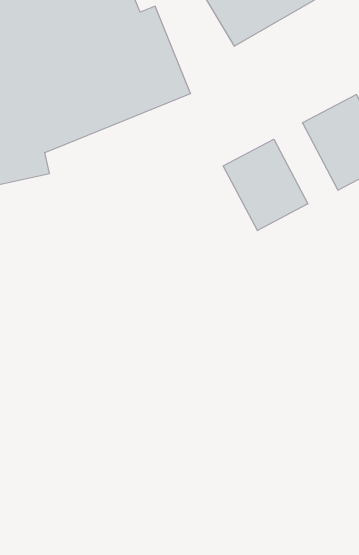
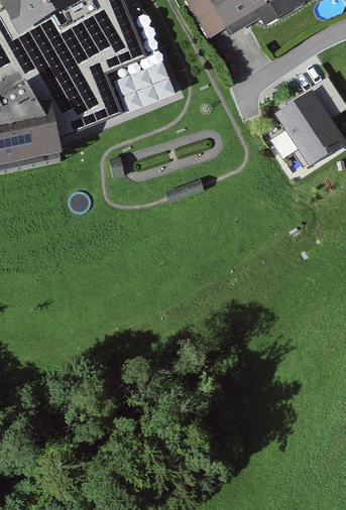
building: [223,139,308,231] -> none

